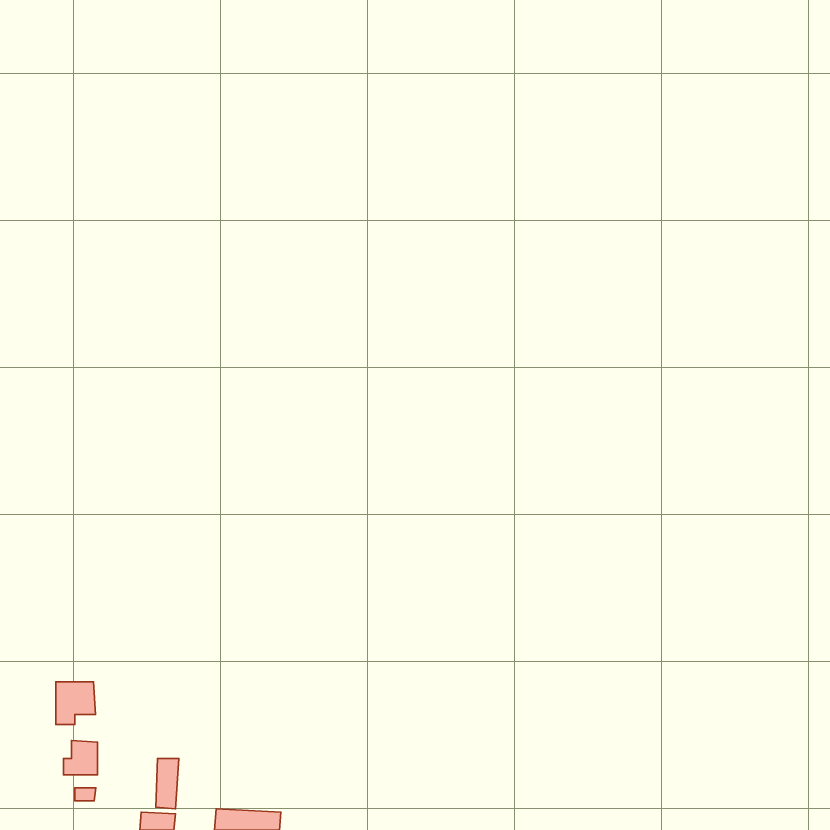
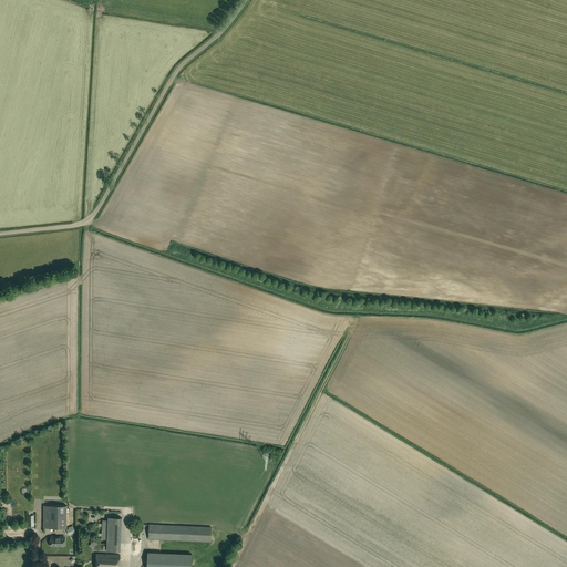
building: [56,682,96,725] -> none
building: none -> [148,524,212,543]

